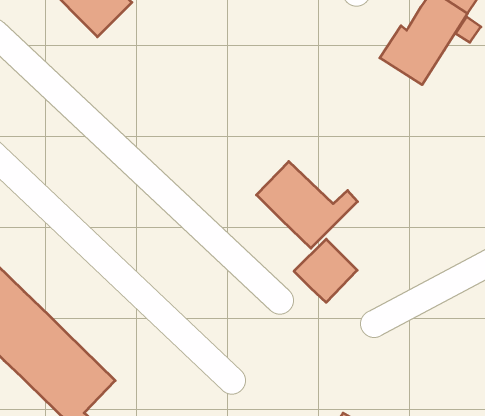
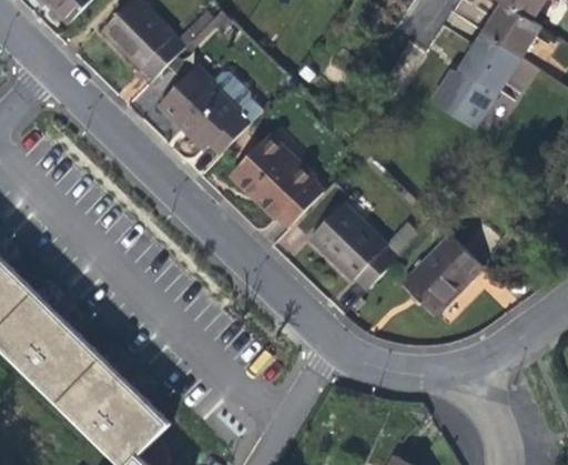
building: none -> [158,67,260,153]
building: none -> [229,137,321,226]
building: [294,239,357,302] -> [410,236,474,300]

